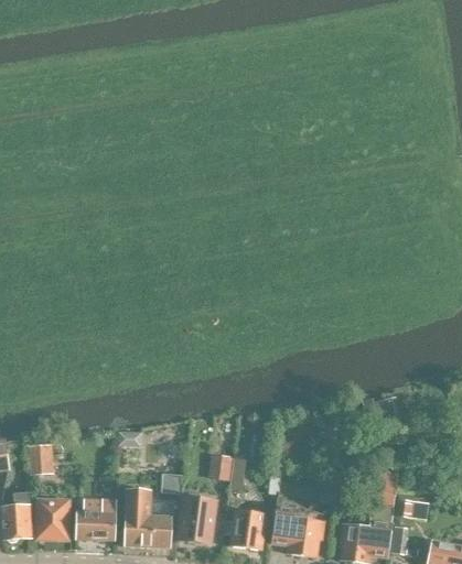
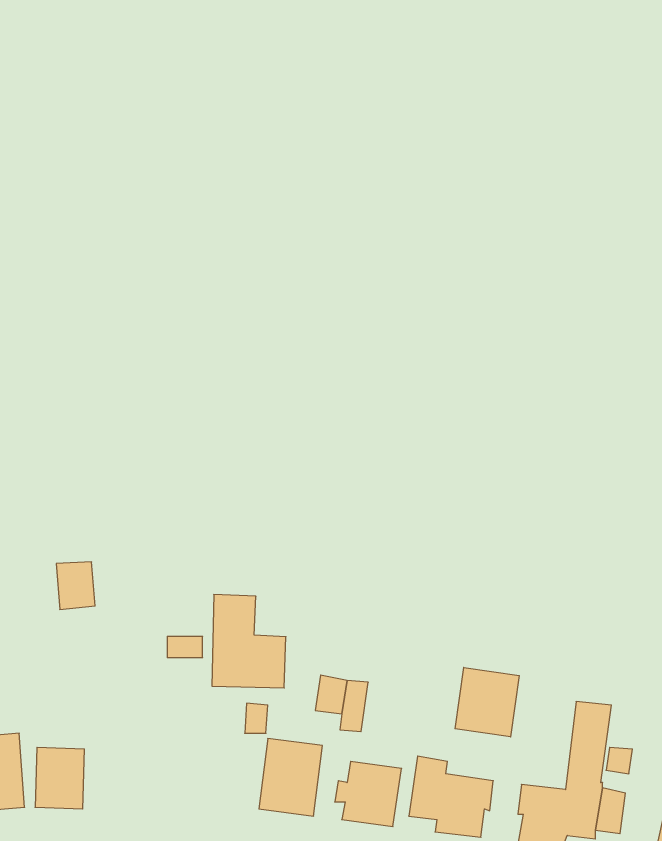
building: [29,445,53,475] -> [56,562,95,609]
building: none -> [455,667,519,737]
building: [125,490,171,549] -> [212,595,286,688]
building: [76,499,116,541] -> none

